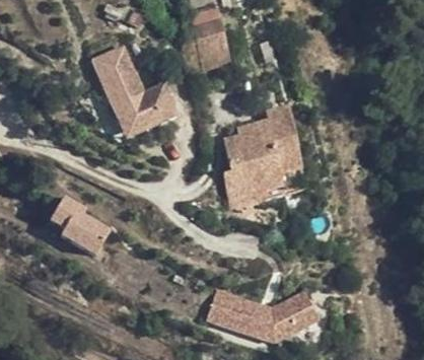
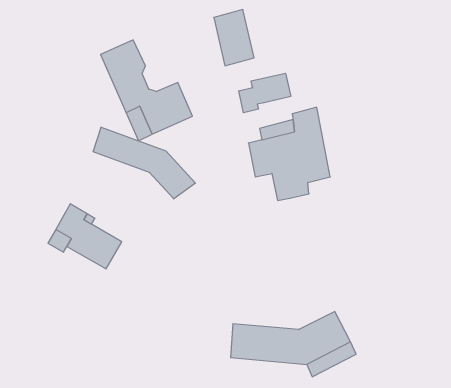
building: none -> [239,73,291,113]
building: none -> [93,127,195,199]
building: [223,165,266,205] -> none

